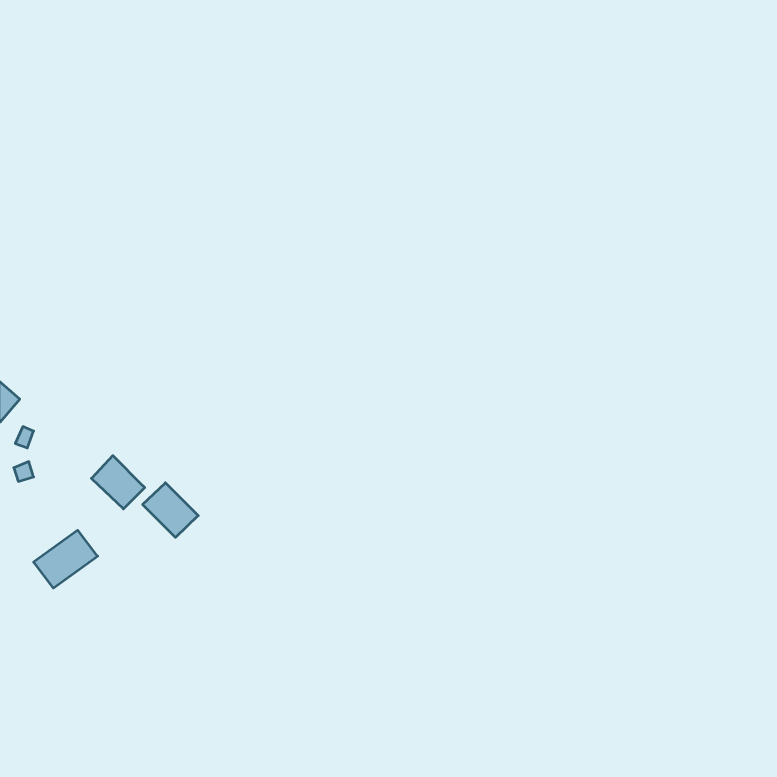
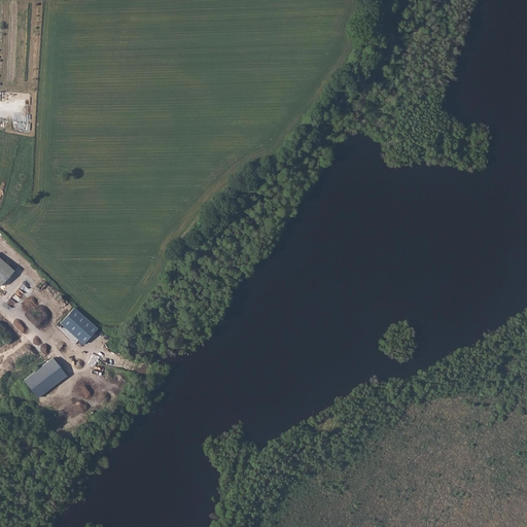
building: [143,483,198,537] -> none

